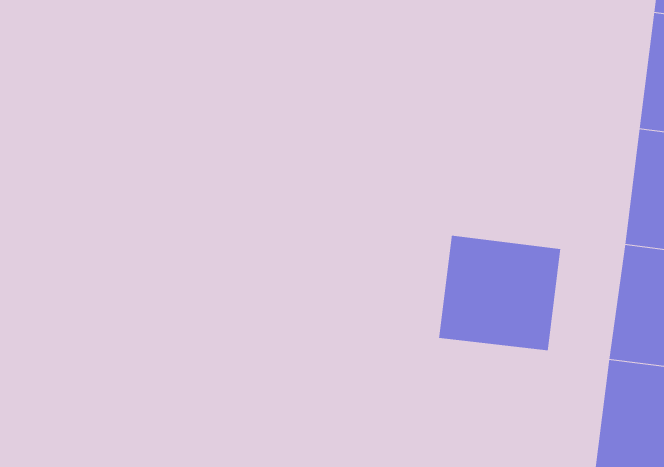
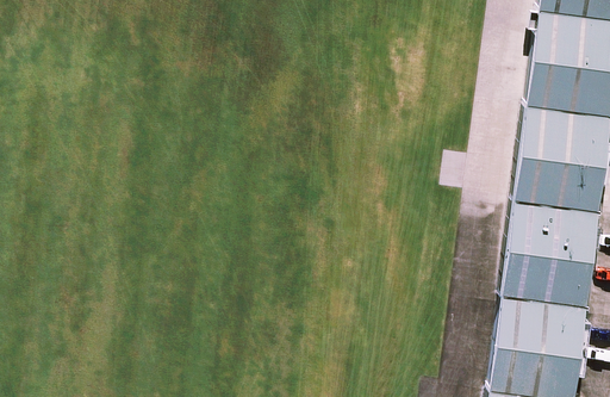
building: [438,235,561,351] -> none

